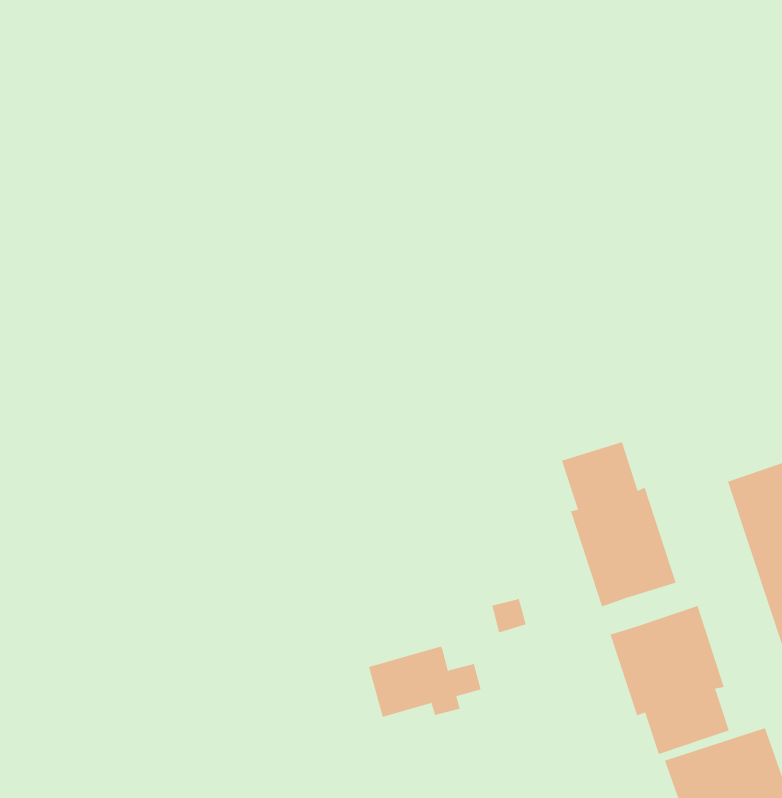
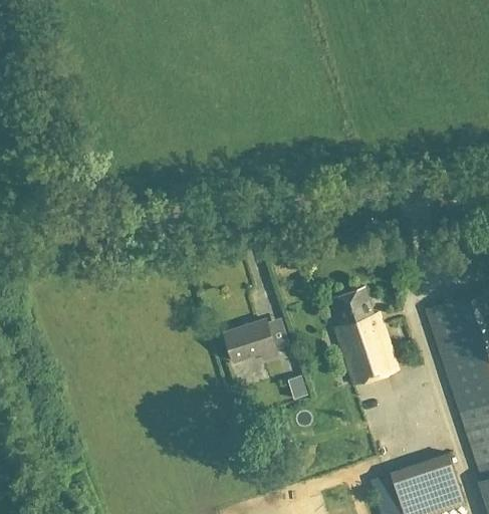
building: [610,605,730,755] -> none
building: [368,646,481,717] -> [226,321,291,362]

